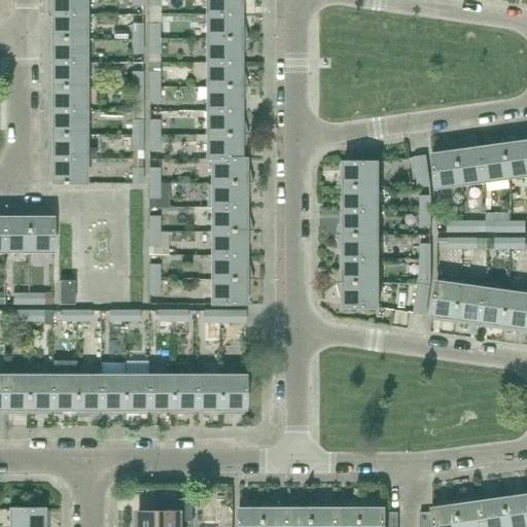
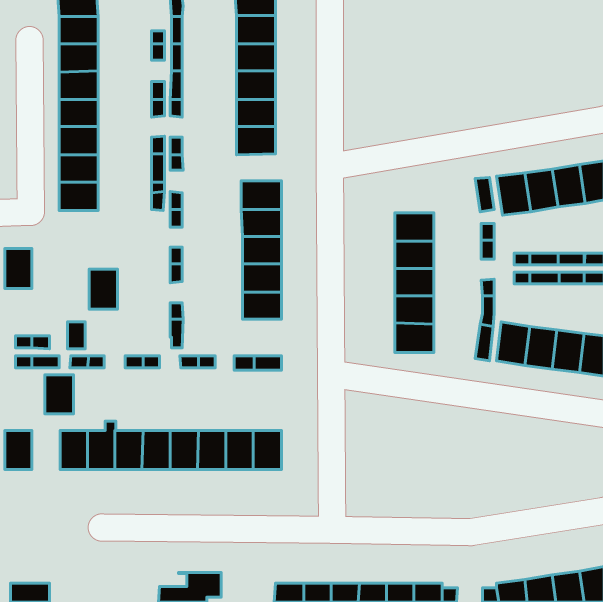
building: [207,134,241,159] -> none
building: [345,161,379,185] -> none
building: [29,216,54,251] -> [89,269,118,309]
building: [205,278,246,304] -> none
building: [29,375,54,409] -> [45,375,73,414]

